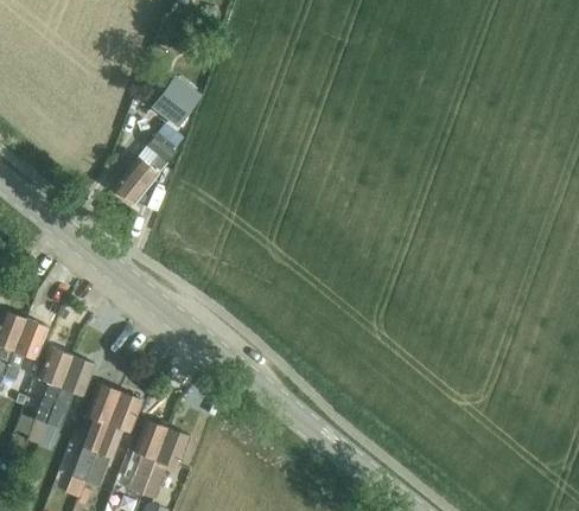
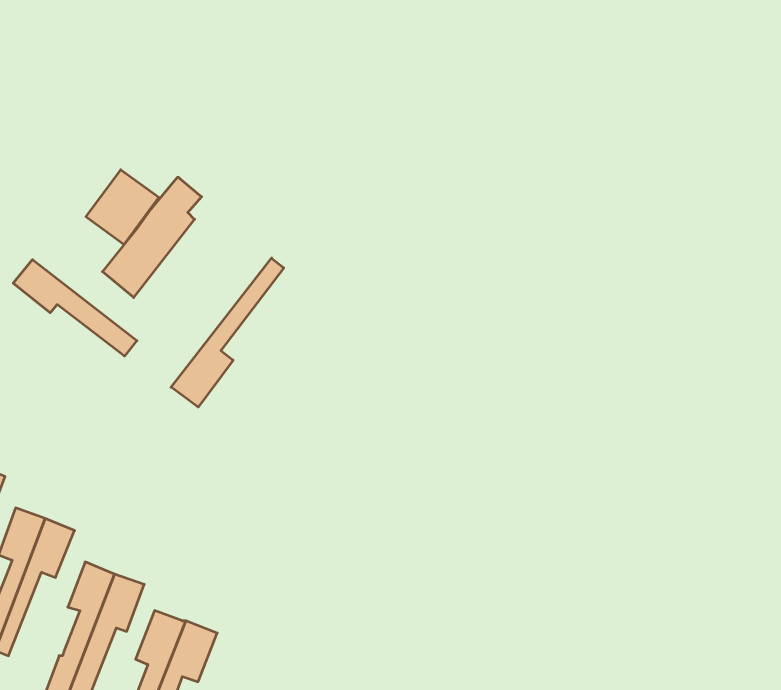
building: [149,77,199,128] -> [86,170,159,244]
building: none -> [171,258,284,407]
building: none -> [13,260,137,356]

